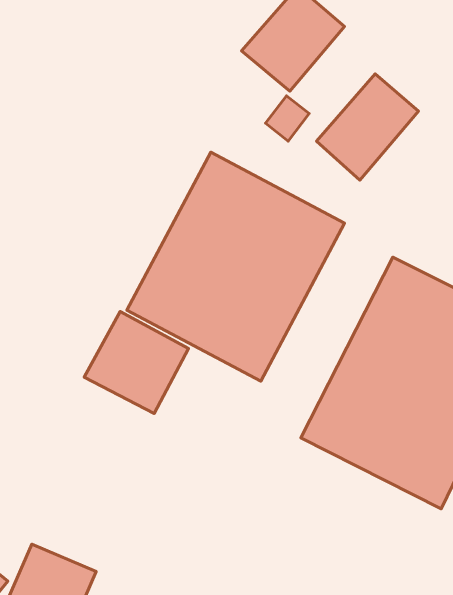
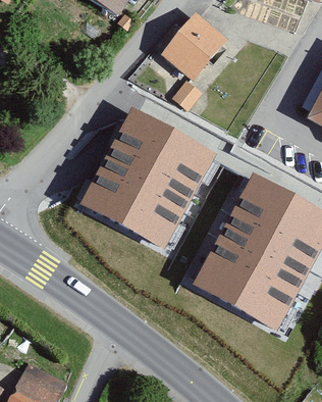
building: [316,74,419,180] -> none
building: [84,311,189,414] -> none

